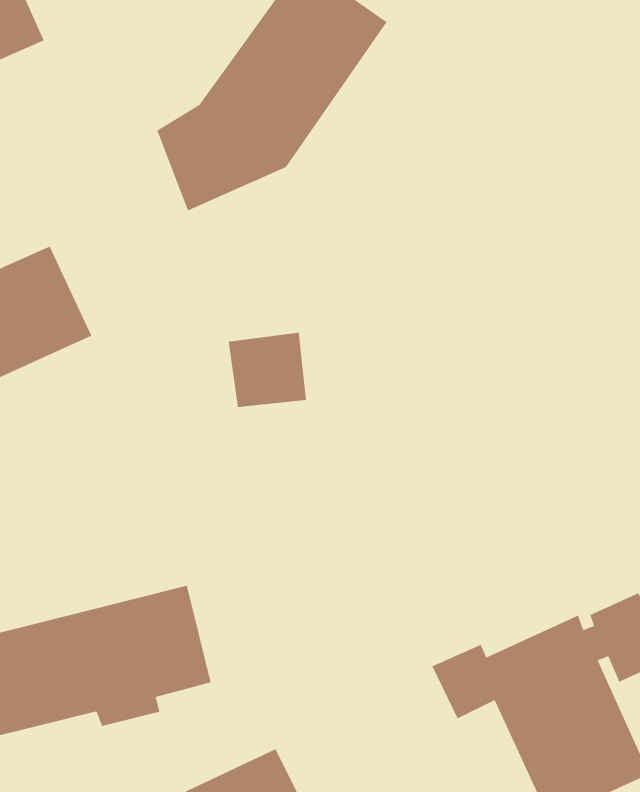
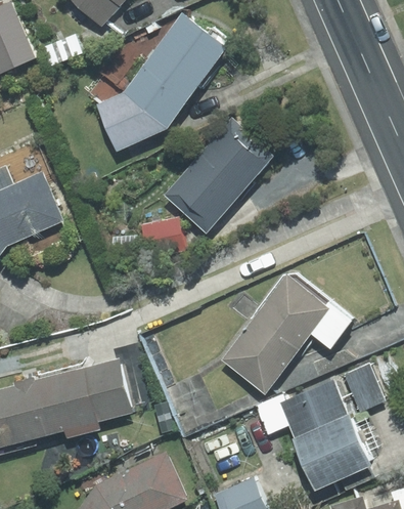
building: none -> [162,117,275,235]
building: none -> [218,269,353,395]

